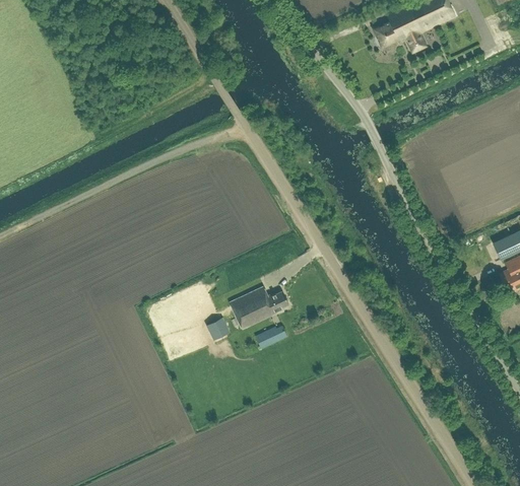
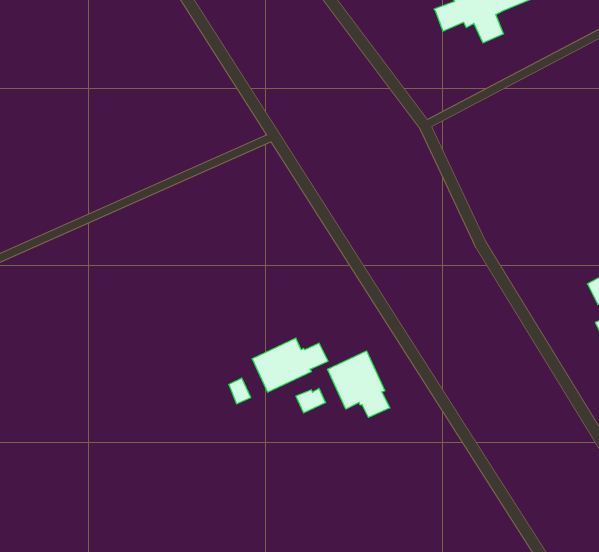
building: none -> [328,351,390,417]

